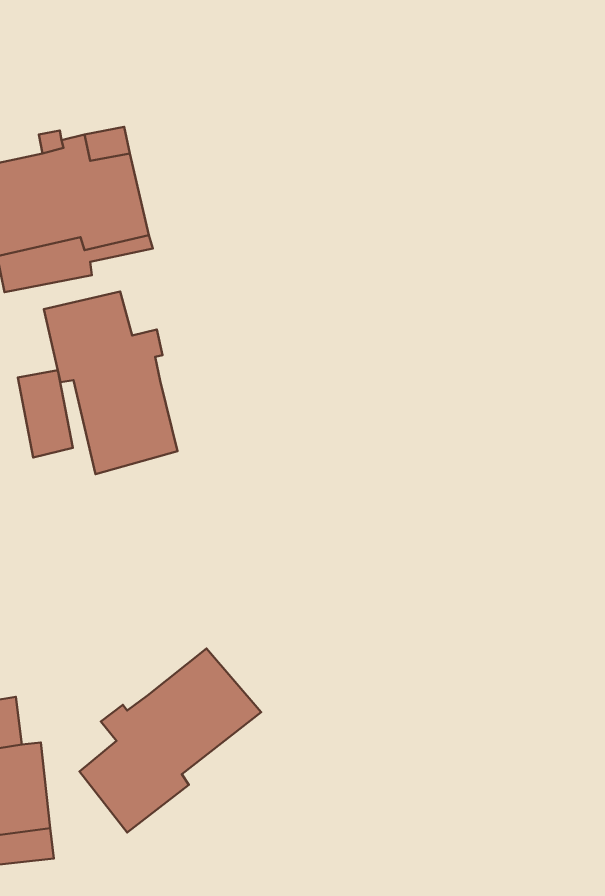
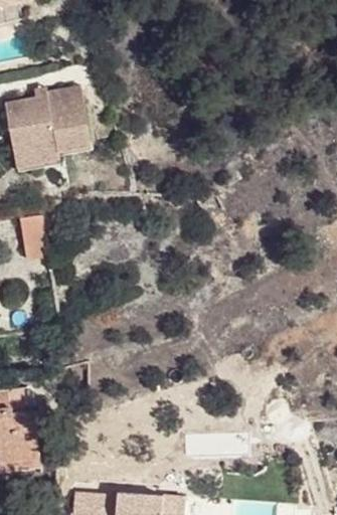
building: [44,291,178,474] -> none
building: [80,648,261,833] -> none

